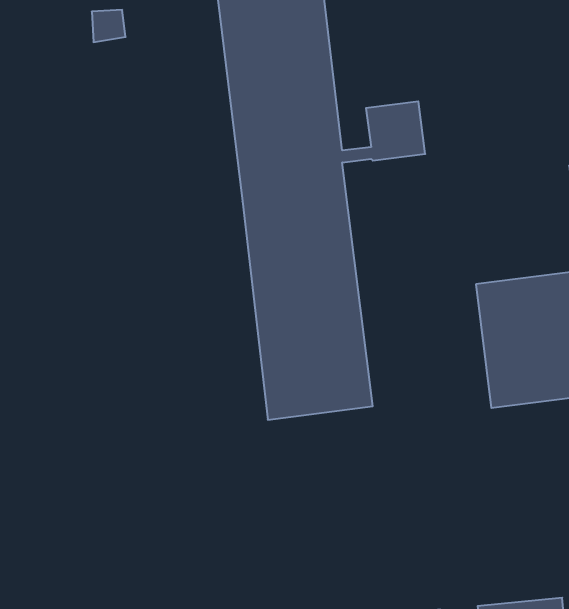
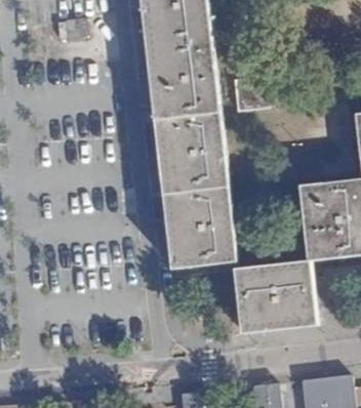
building: none -> [235,261,317,333]

